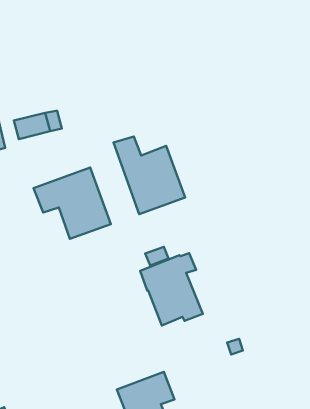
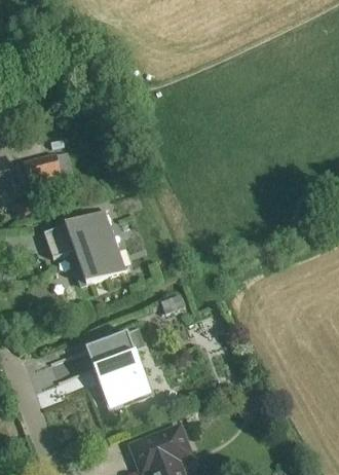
building: [113,136,185,214] -> none
building: [140,253,203,326] -> [86,330,152,406]

